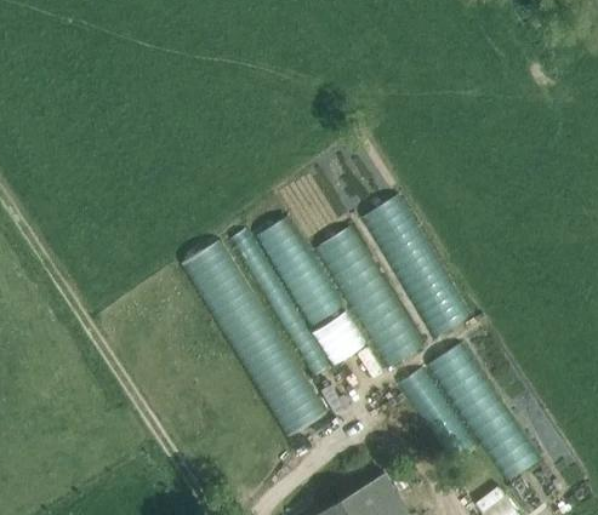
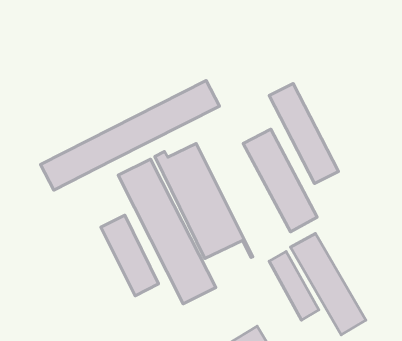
building: none -> [40,81,220,190]
building: [321,225,420,367] -> [269,83,339,184]
building: none -> [101,215,159,296]

